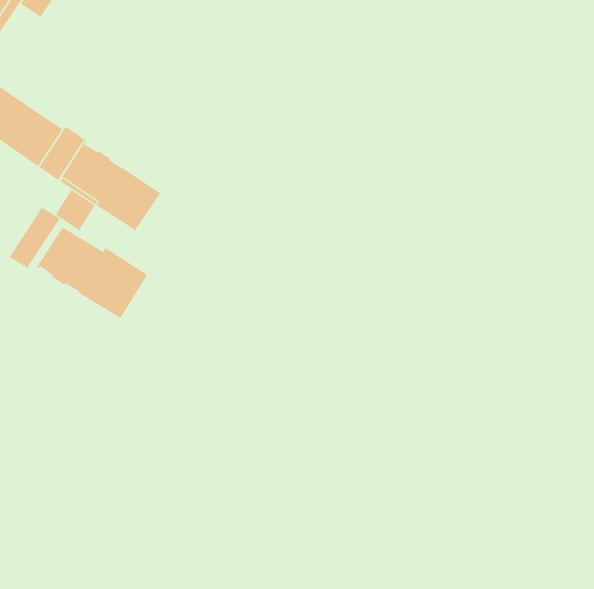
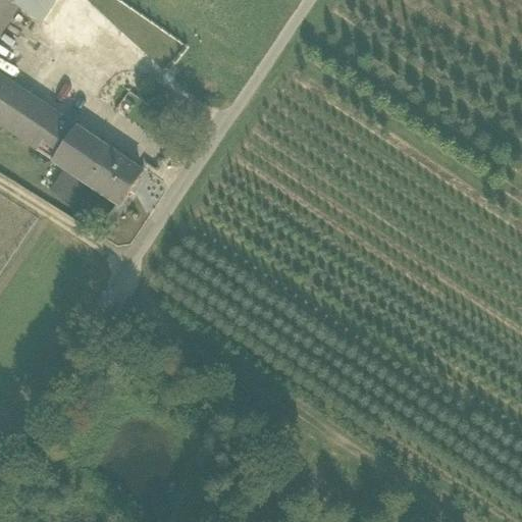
building: [9,207,60,270] -> none
building: [36,222,148,319] -> none

